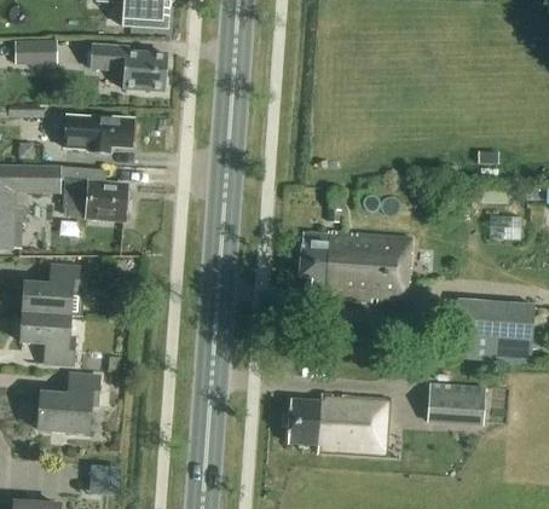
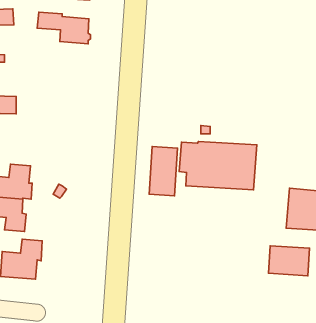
building: [64,115,133,151] -> none
building: [63,166,128,218] -> none
building: none -> [149,146,178,196]
building: [287,391,388,453] -> none

